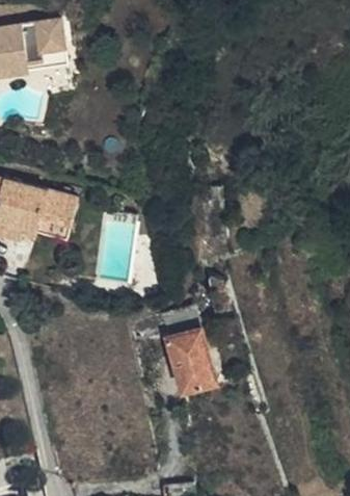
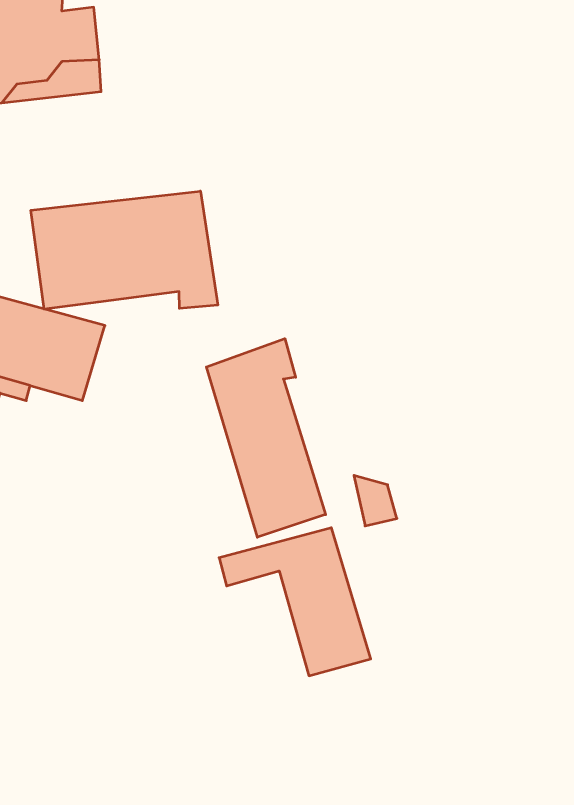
building: none -> [31,191,218,309]
building: none -> [206,339,326,537]

